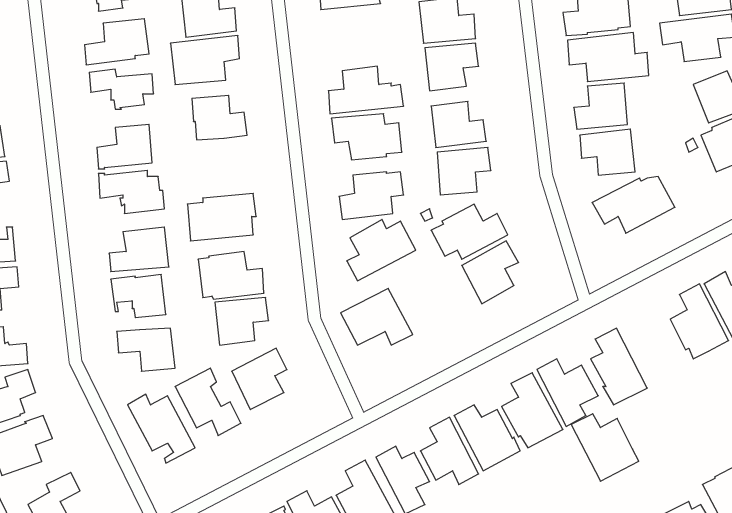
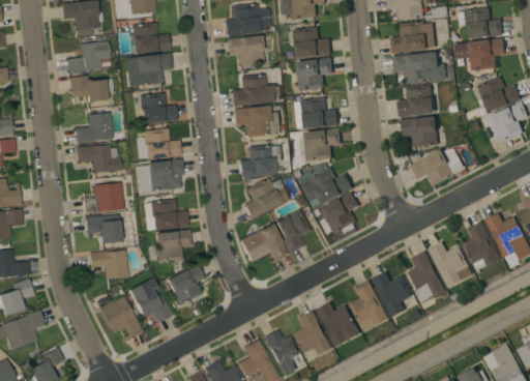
building: none -> [227,35,264,66]
building: none -> [143,128,181,159]
building: none -> [275,209,312,254]
building: [571,414,639,481] -> [429,242,474,288]

